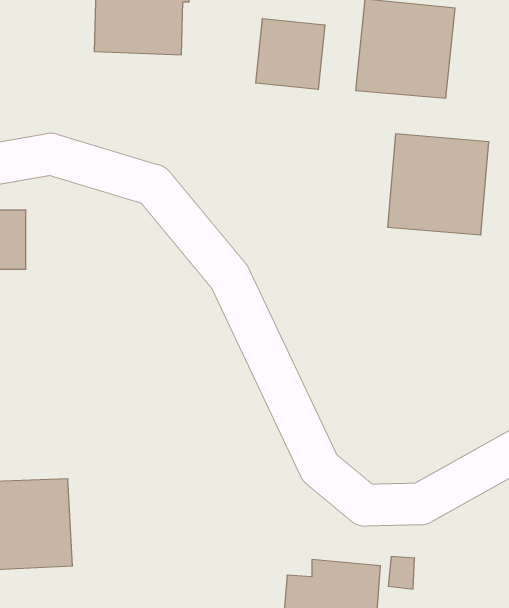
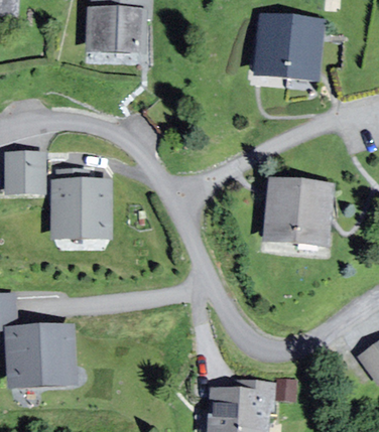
building: [256,18,325,90] -> none
building: [388,134,489,235] -> [264,180,330,246]
building: none -> [52,181,109,236]

